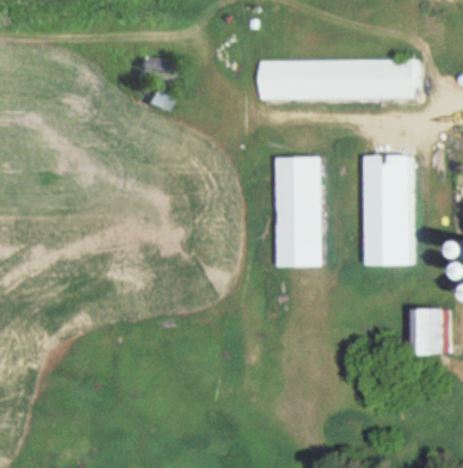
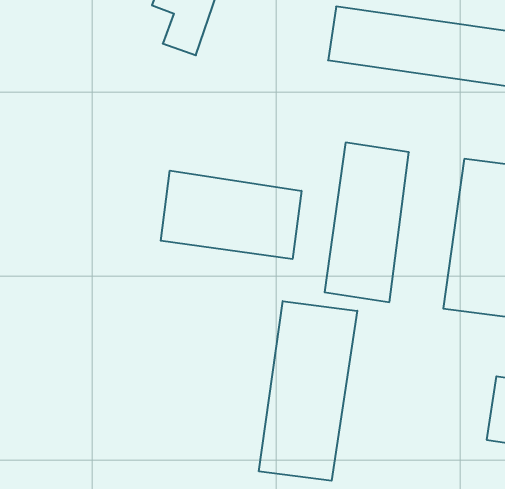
building: none -> [161,171,301,259]
building: none -> [259,301,357,481]

